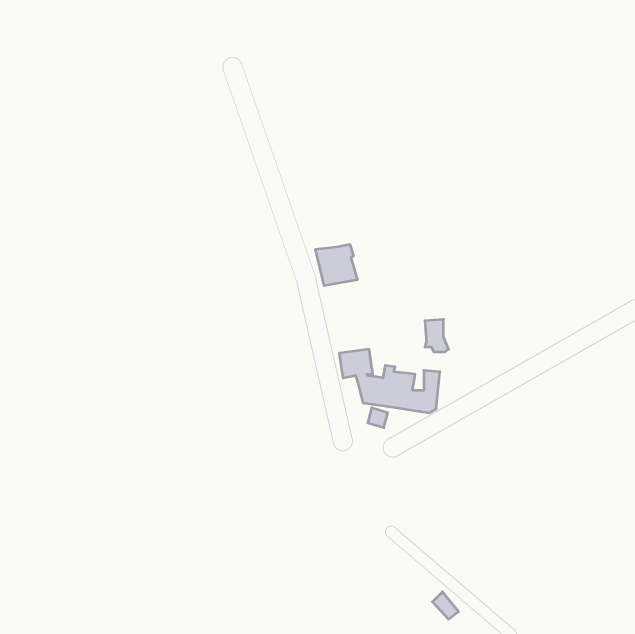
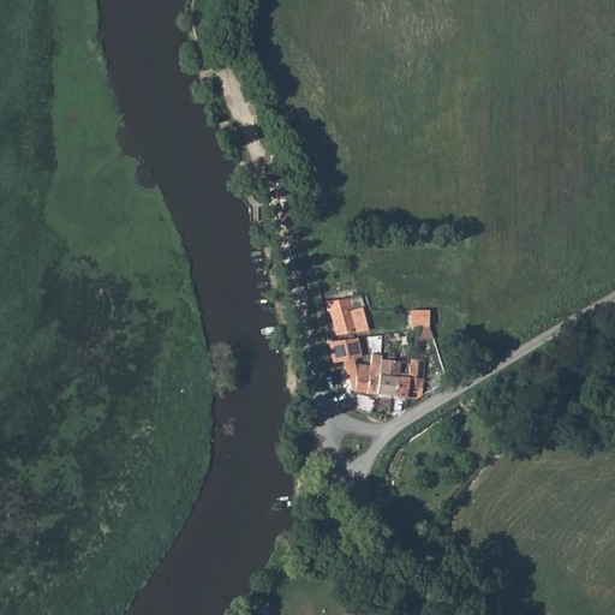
building: [315,245,358,286] -> [328,295,369,335]

